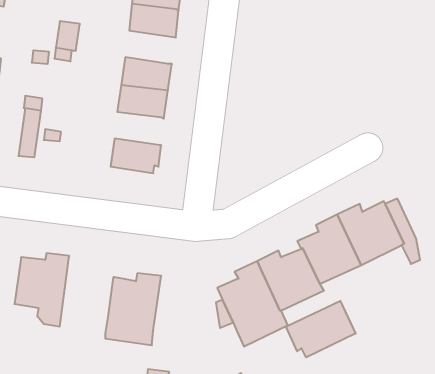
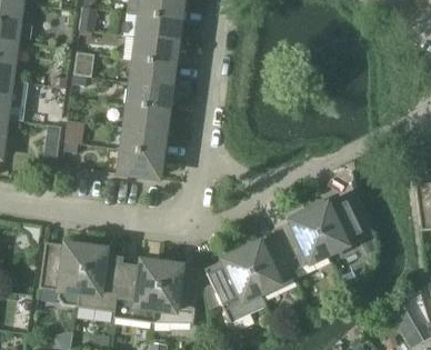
building: none -> [131,59,173,87]
building: none -> [122,127,163,154]
building: none -> [77,247,123,311]
building: none -> [153,263,199,322]
building: [286,301,356,357] -> none

